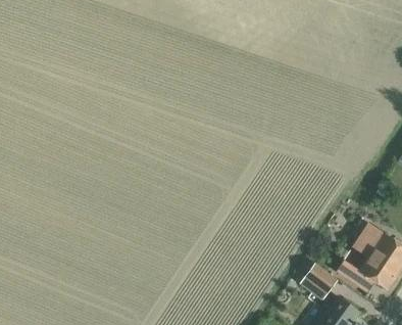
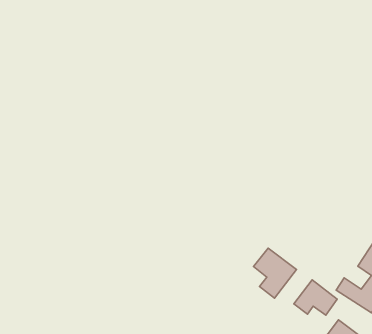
building: none -> [253,248,296,298]

